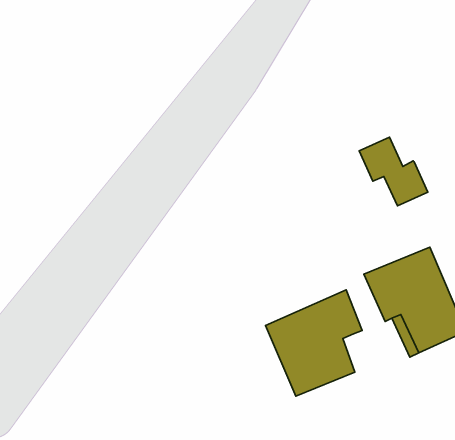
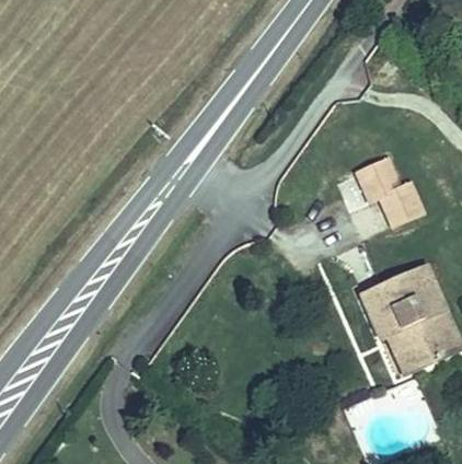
building: [266,290,362,396] -> none

